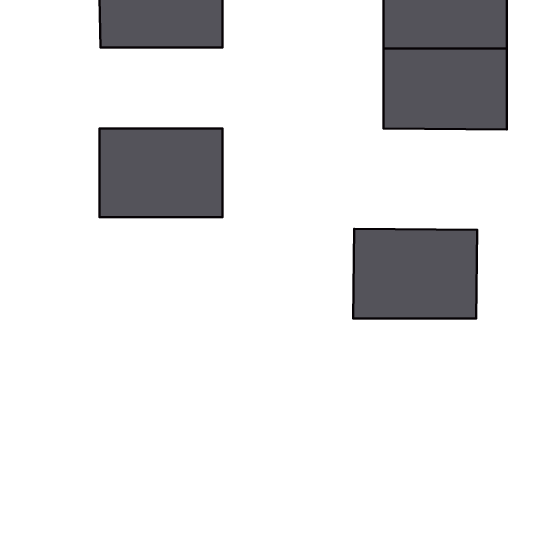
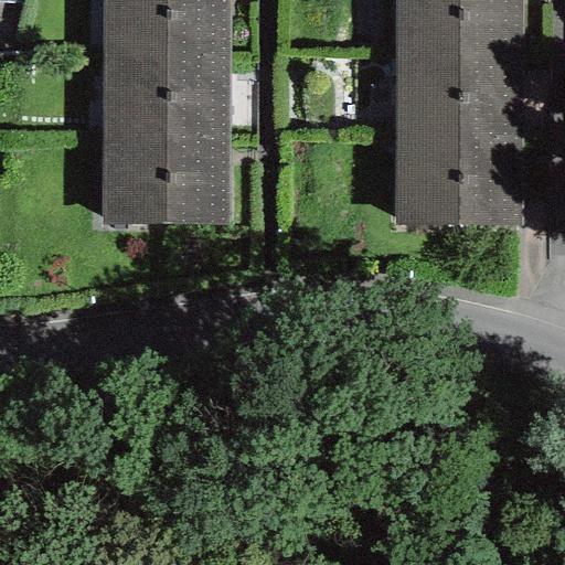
building: none -> [104,49,230,131]
building: [353,229,477,319] -> [393,131,520,223]

